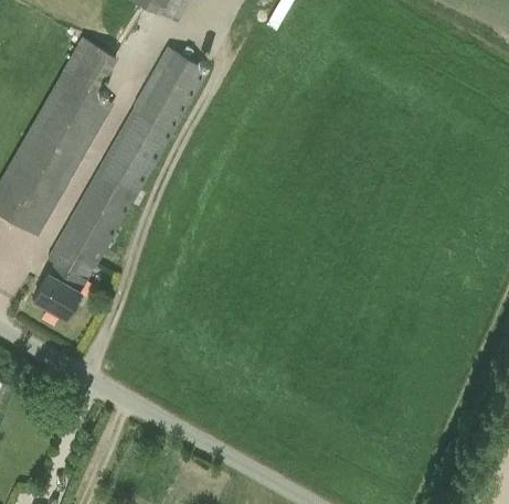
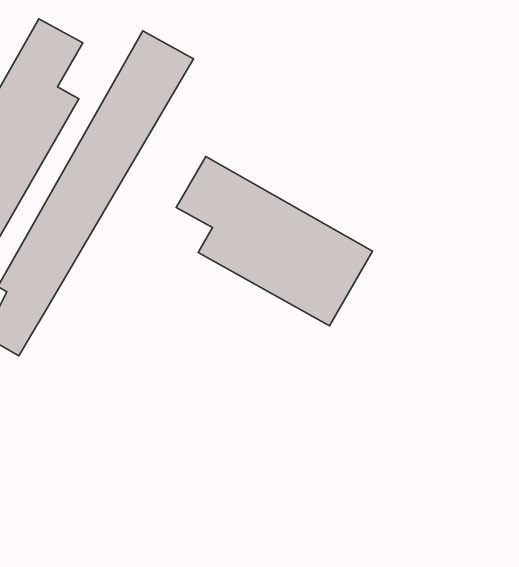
building: none -> [176,157,372,326]

